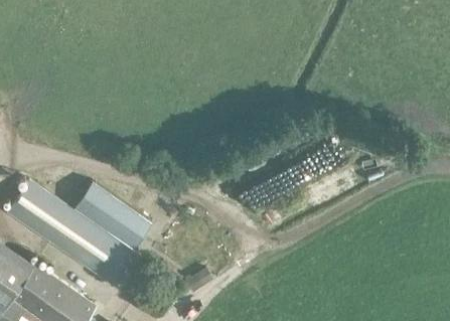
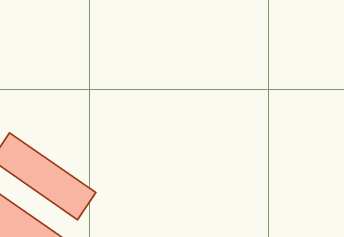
building: [73,178,150,246] -> none

